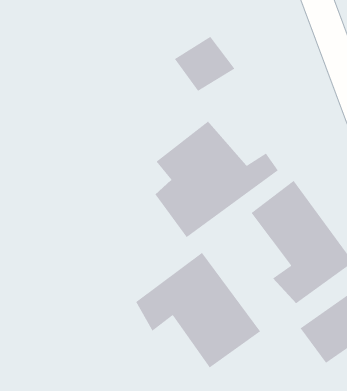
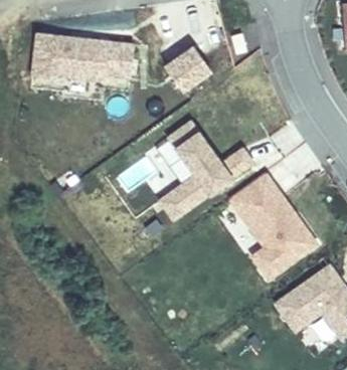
building: none -> [27,32,137,82]
building: [135,252,261,368] -> none

